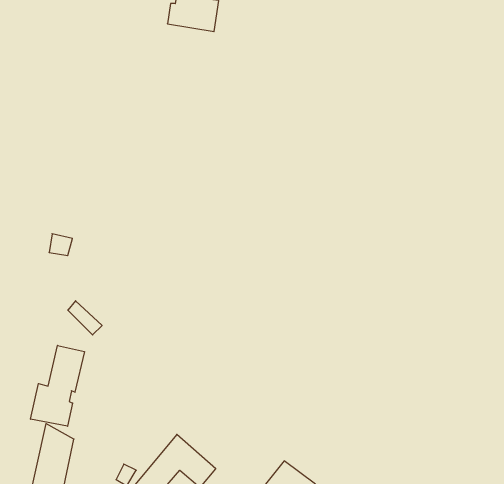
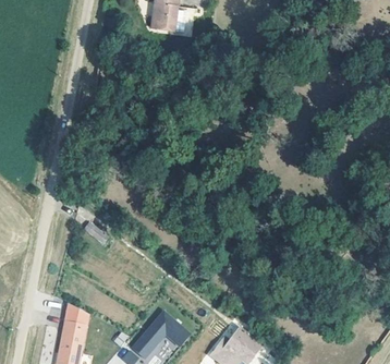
building: [31,345,84,426] -> none

